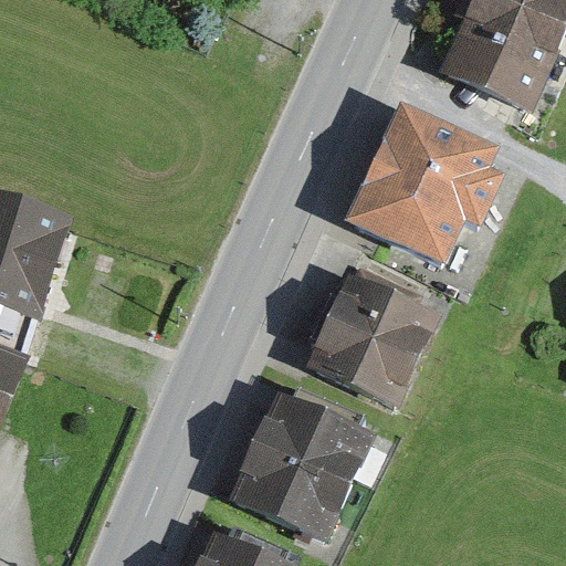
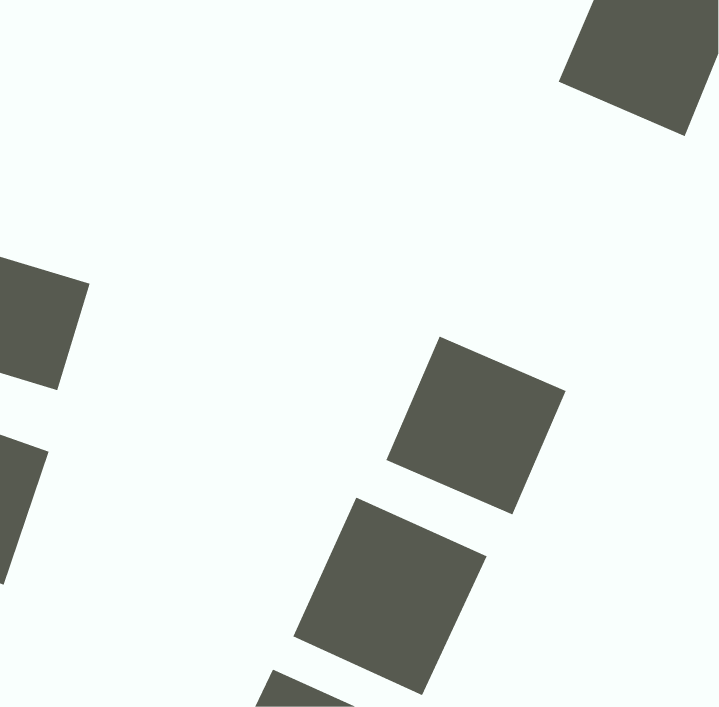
building: [340,103,502,271] -> none

